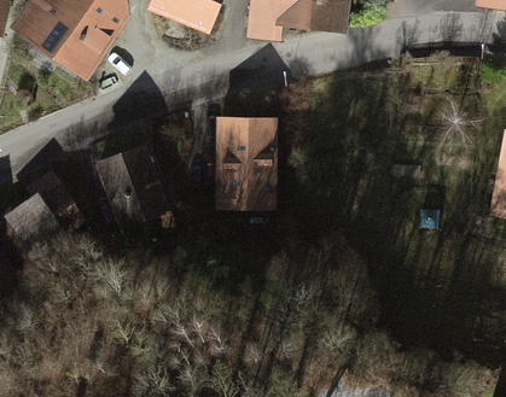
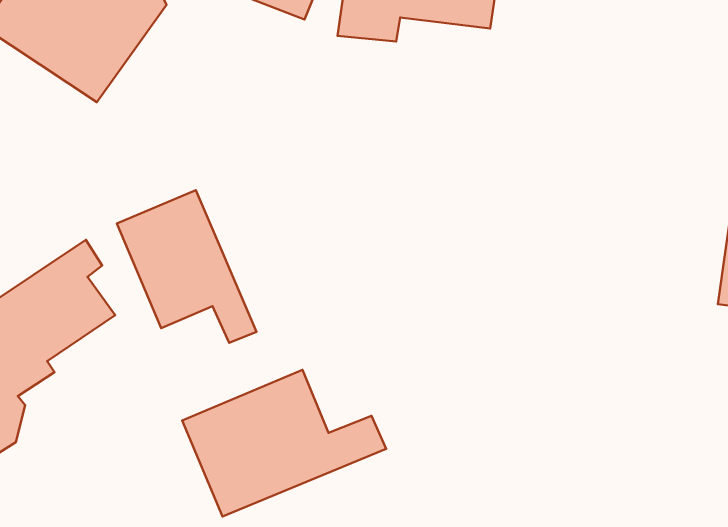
building: [217,113,283,210] -> none
building: none -> [182,370,386,516]

